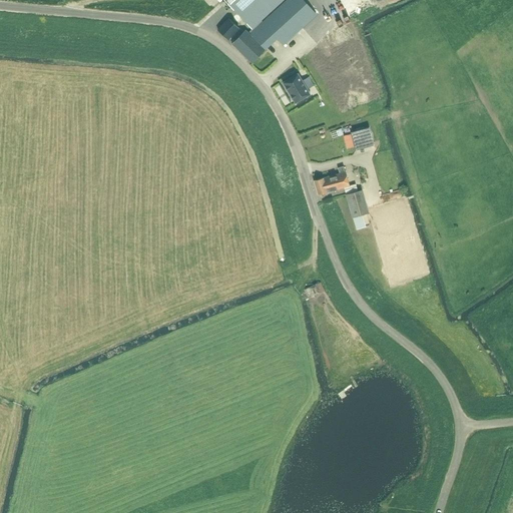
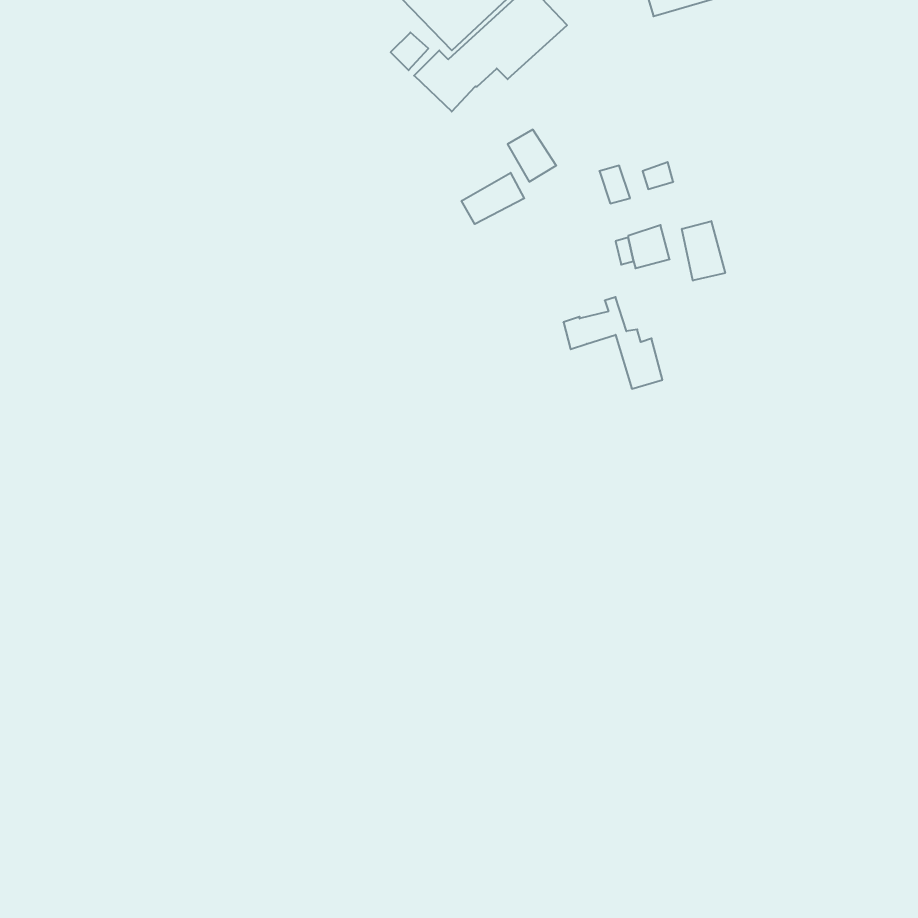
building: none -> [462,173,524,224]
building: none -> [682,221,725,281]

